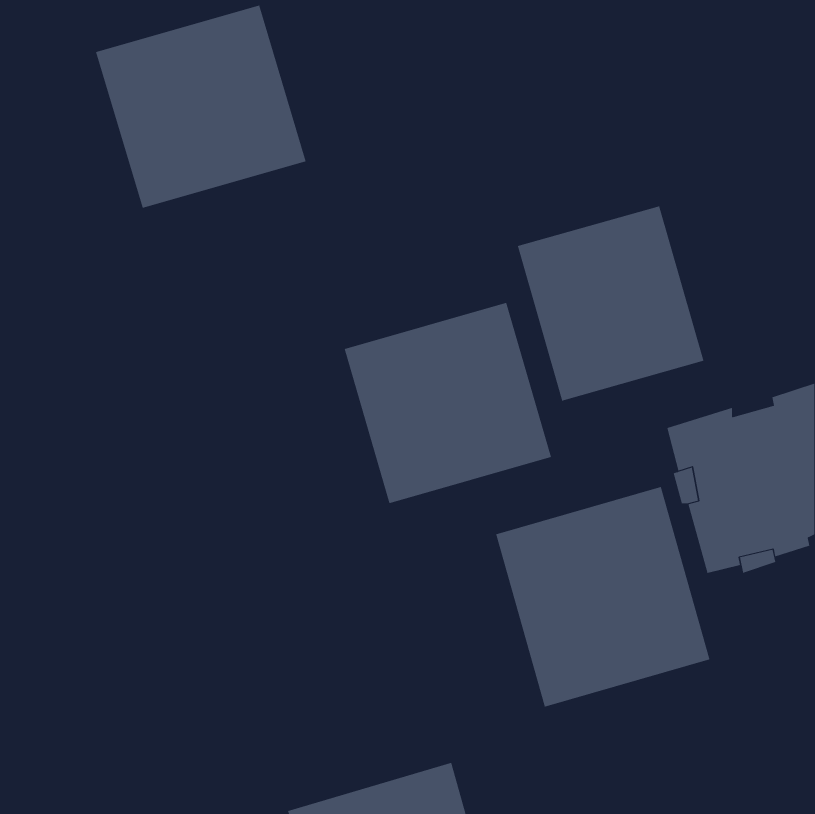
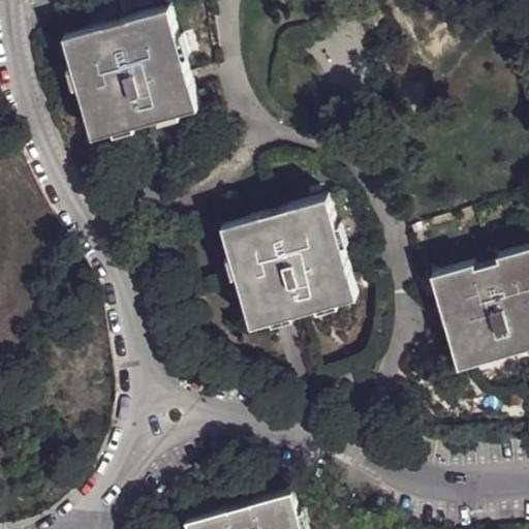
building: [517,205,704,402] -> none
building: [496,486,710,707] -> none

